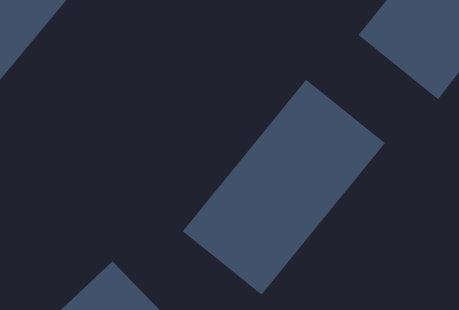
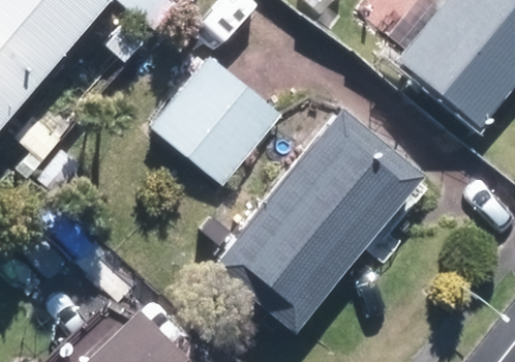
building: none -> [152,57,283,188]

